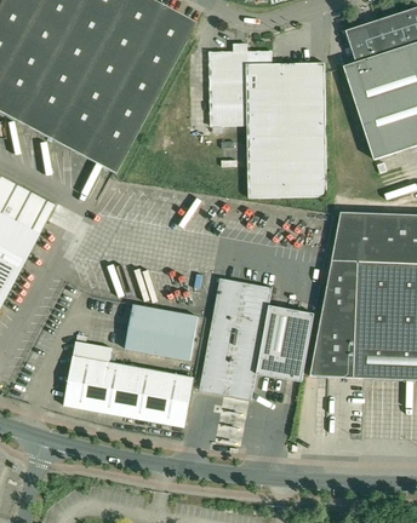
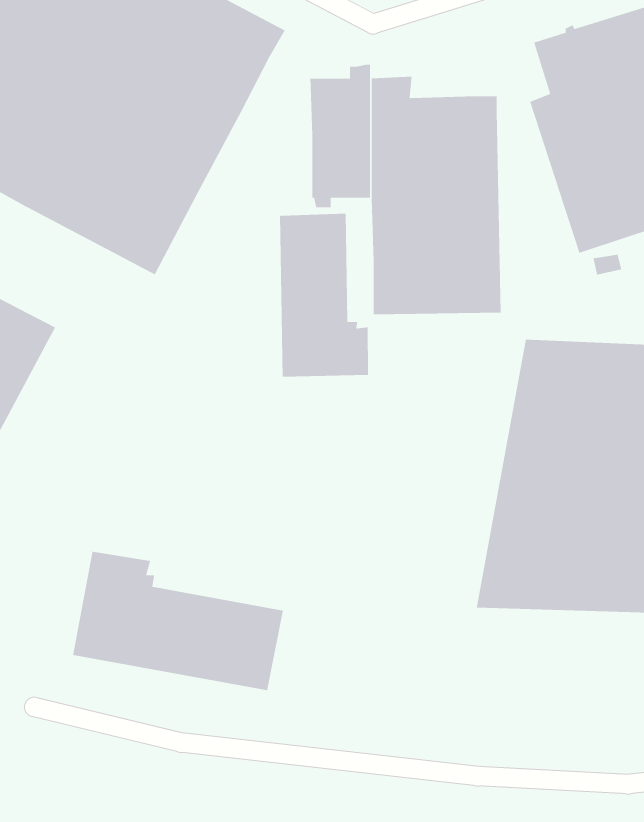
building: none -> [279,213,369,378]
building: [199,277,313,398] -> none
building: [124,303,198,360] -> none

